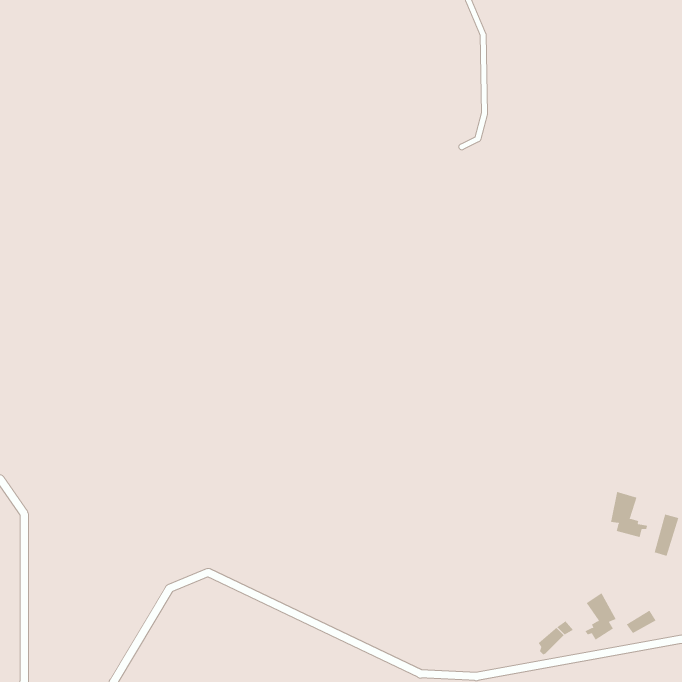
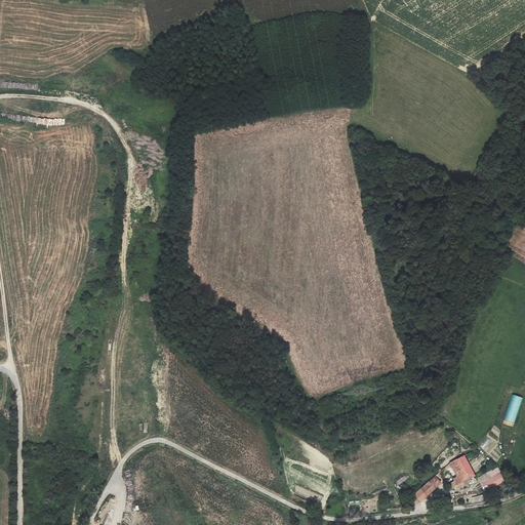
building: [610,491,648,538] -> none

